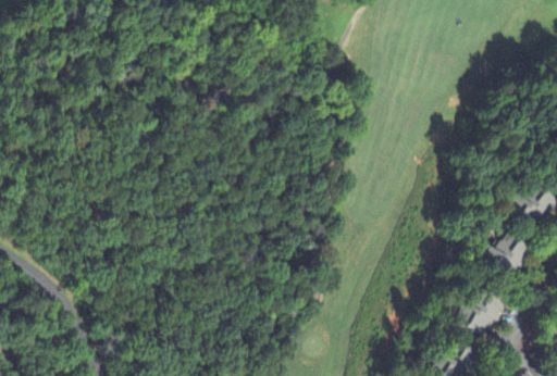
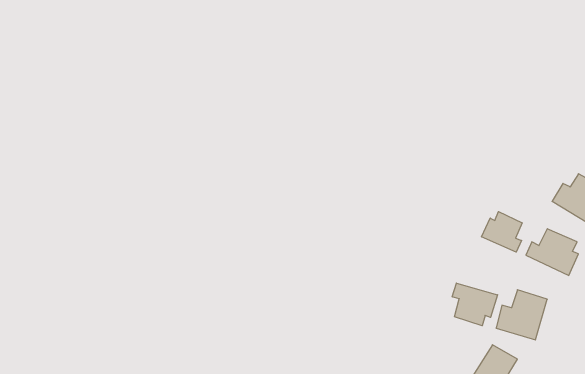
building: none -> [482,212,522,252]
building: none -> [452,283,498,326]

